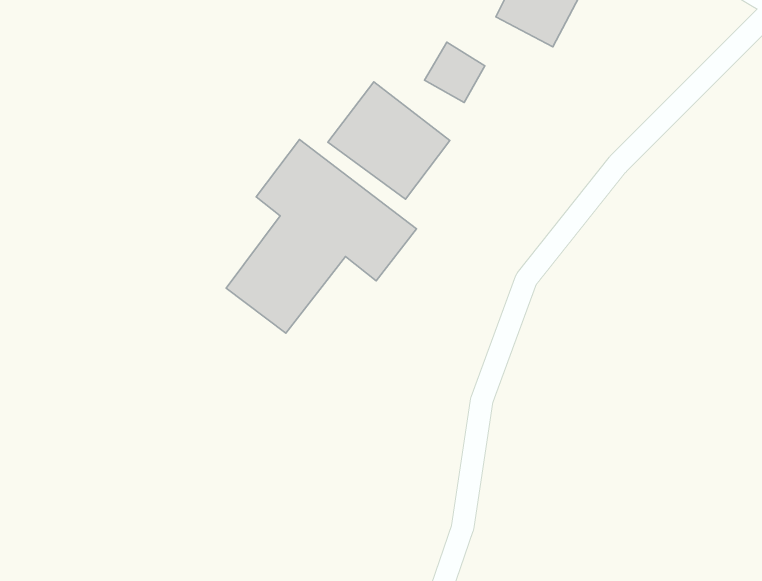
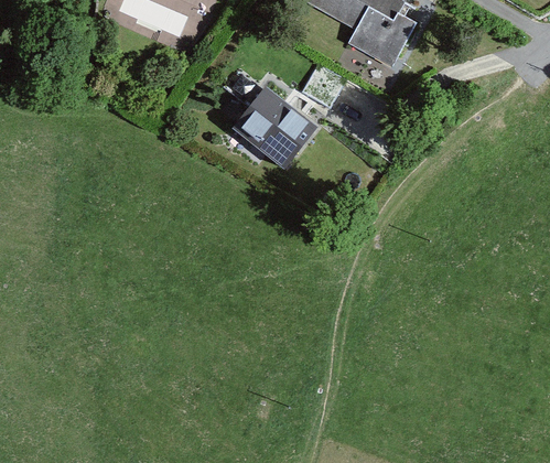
building: [226,140,416,333] -> none

